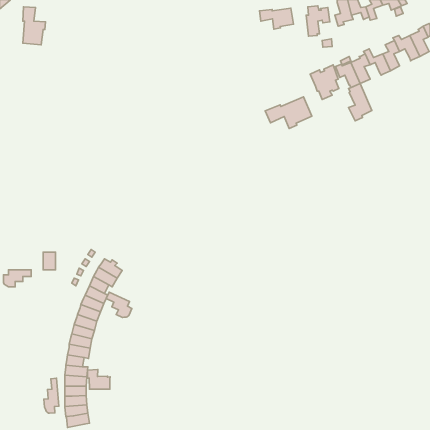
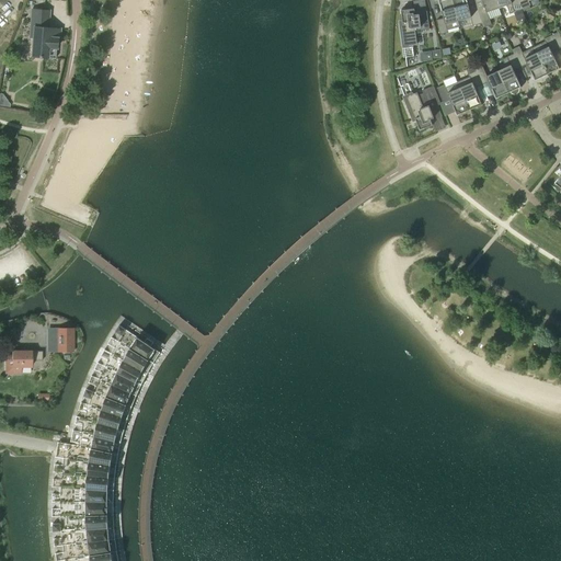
building: [260,8,293,29] -> none
building: [348,84,372,121] -> none
building: [265,97,312,129] -> none
building: [106,292,132,317] -> none
building: [87,369,110,389] -> none
building: [44,378,59,413] -> none

